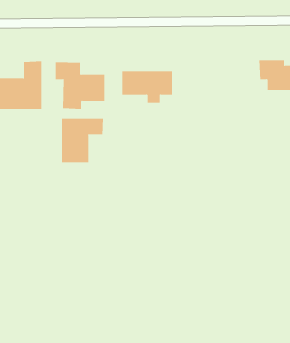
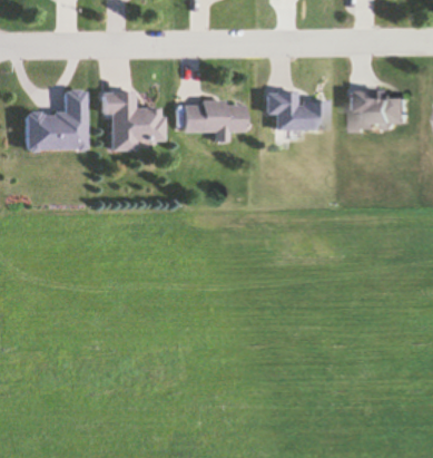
building: none -> [268,92,333,130]
building: [61,118,104,163] -> none

